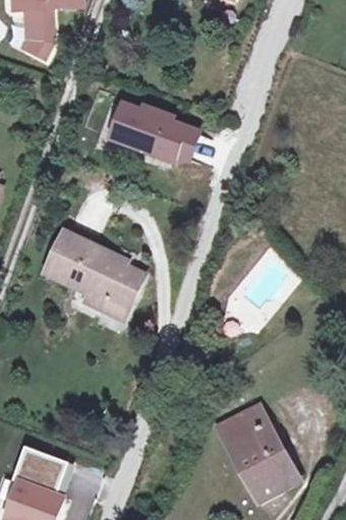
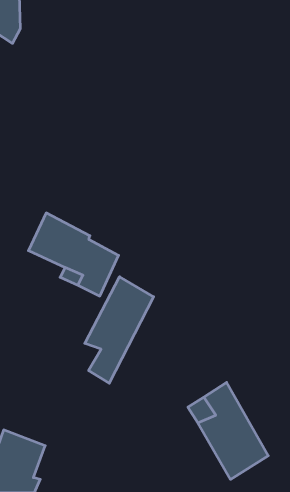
building: [115,107,199,160] -> none
building: none -> [85,277,154,383]

